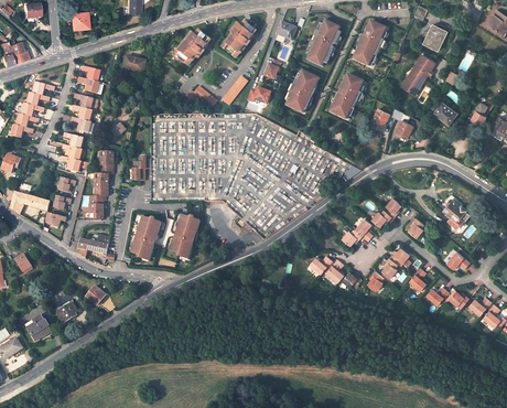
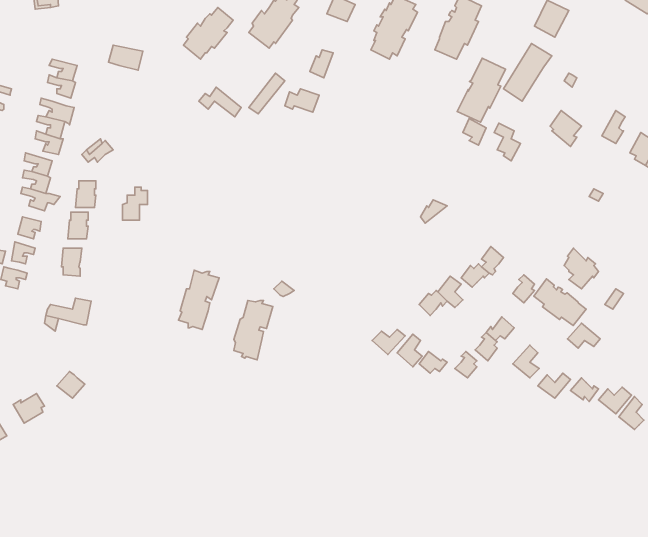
building: [287,69,319,112] -> none
building: [330,73,364,118] -> [457,58,506,122]
building: [134,216,162,258] -> [234,300,273,360]
building: none -> [534,279,586,326]

